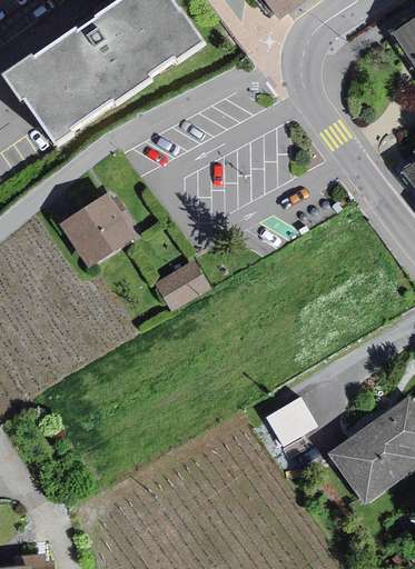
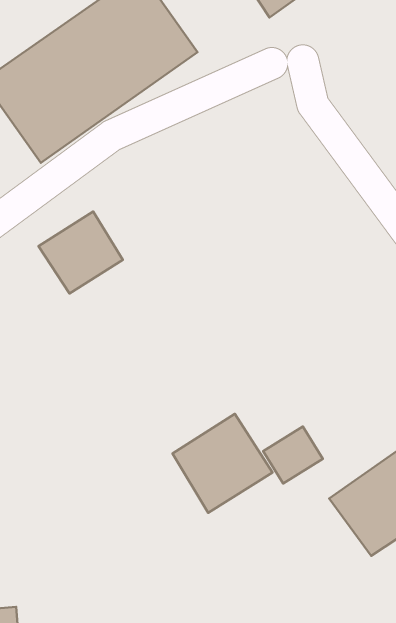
building: [154,256,210,308] -> none
building: none -> [172,414,273,513]

